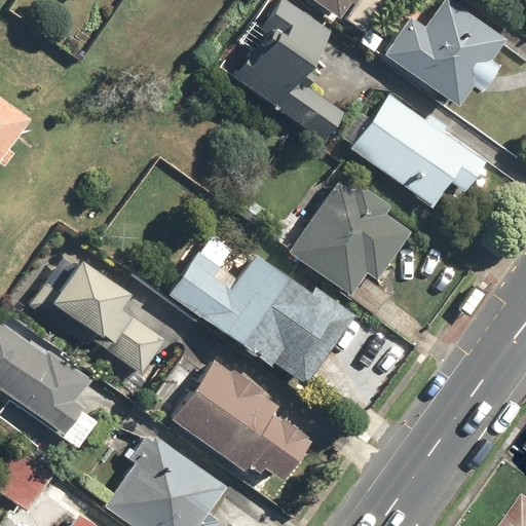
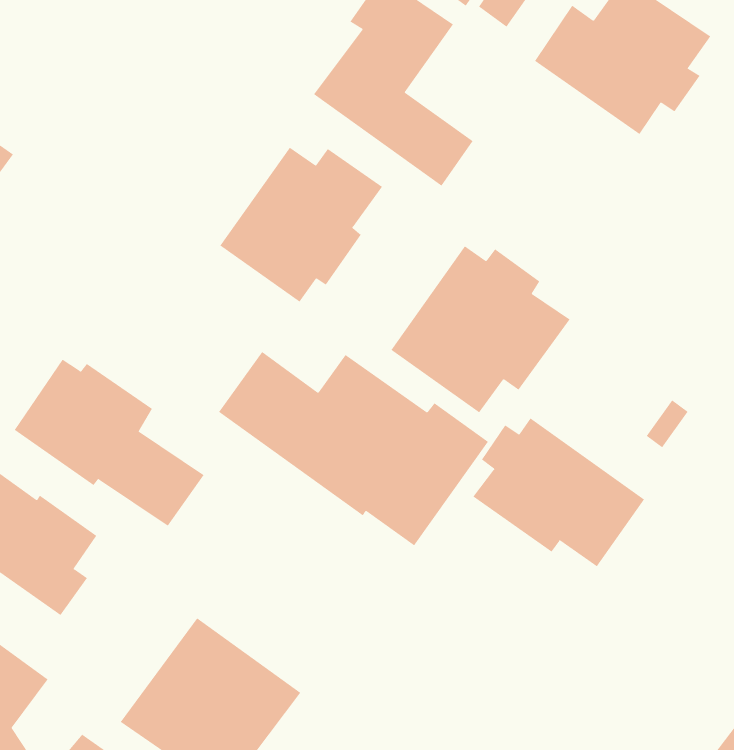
building: [351,95,486,206] -> none
building: none -> [220,147,383,303]
building: none -> [473,418,645,567]
building: [172,361,309,481] -> none

